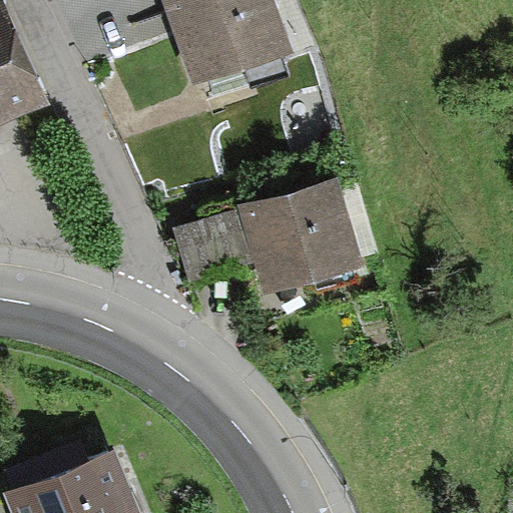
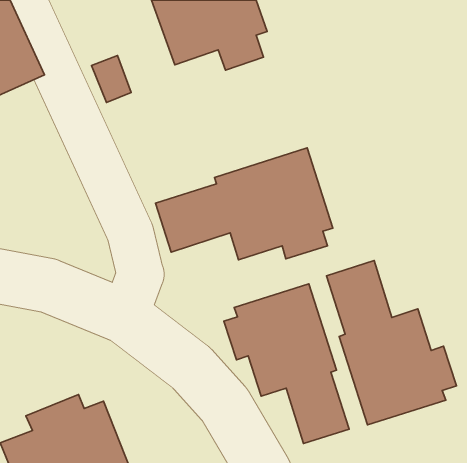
building: none -> [326,261,457,425]
building: none -> [224,284,349,444]

